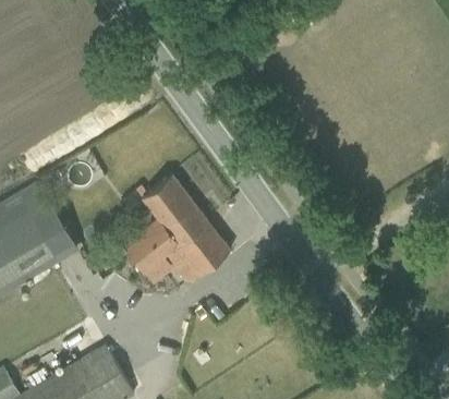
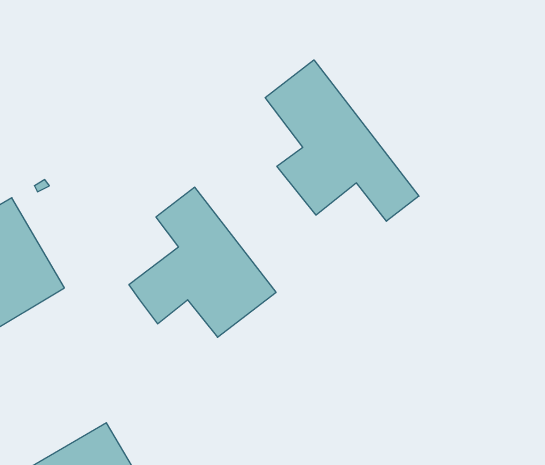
building: none -> [265,60,419,221]

